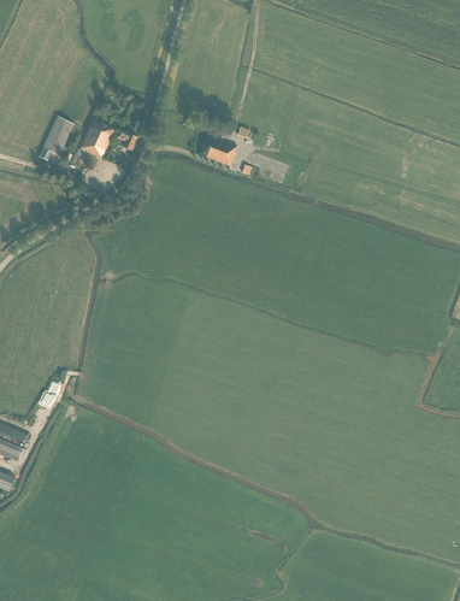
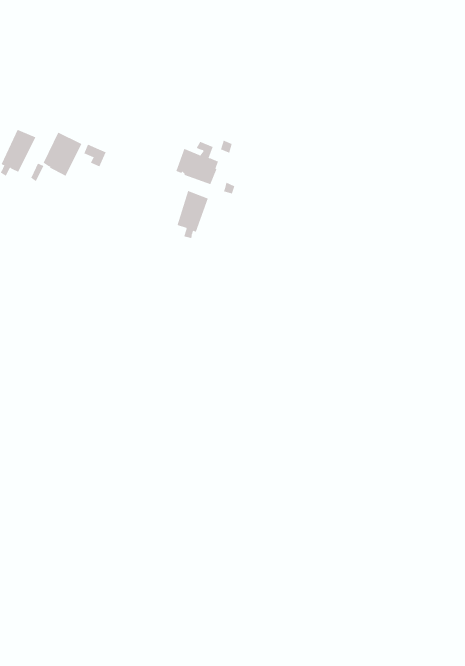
building: none -> [177,190,208,239]

